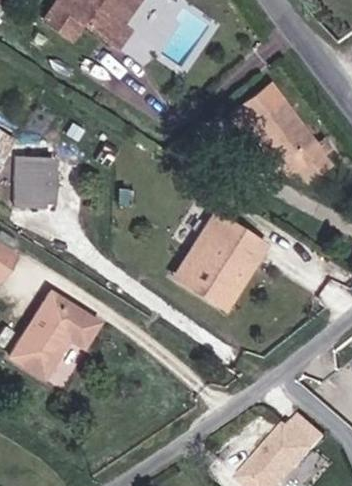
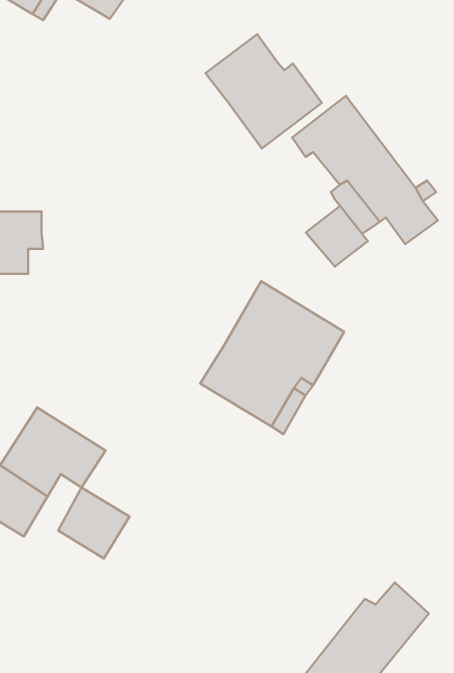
building: none -> [206,34,322,149]
building: none -> [306,206,368,266]
building: none -> [58,487,129,559]

